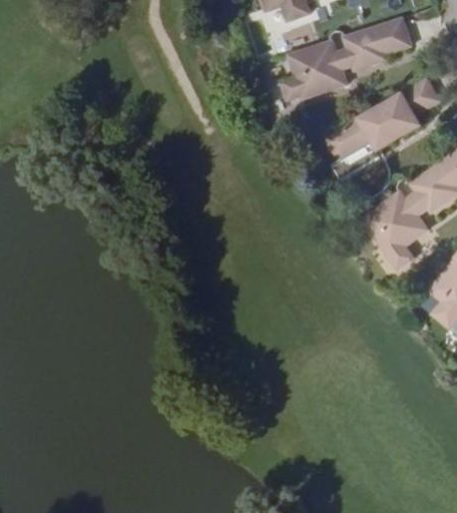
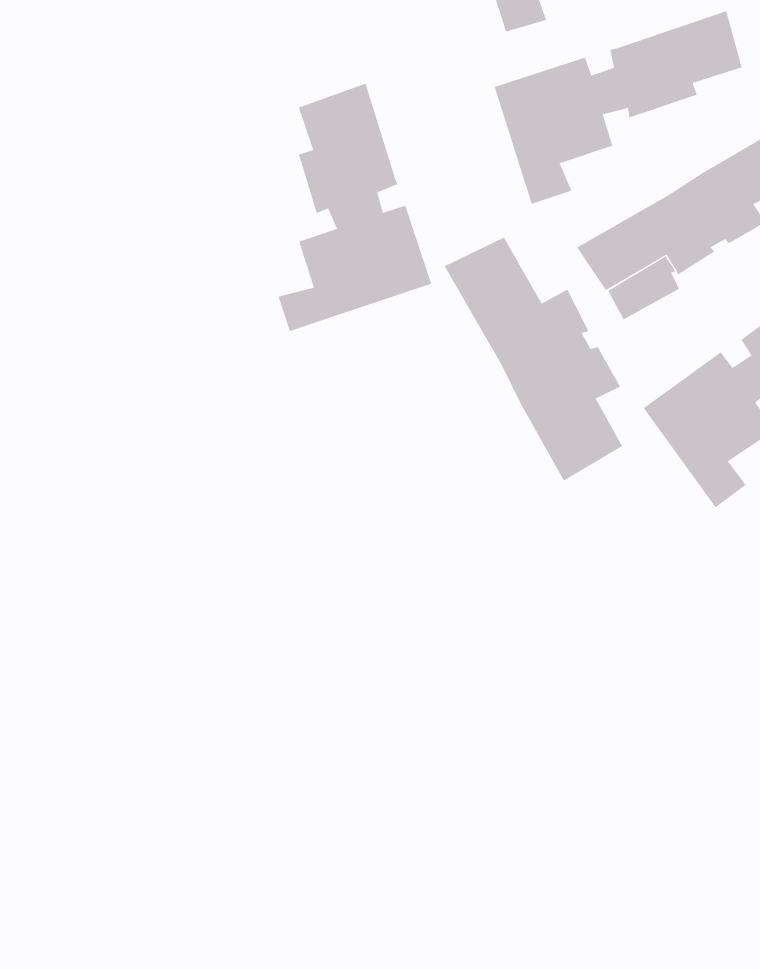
building: none -> [278,83,432,332]
building: none -> [444,237,623,482]

